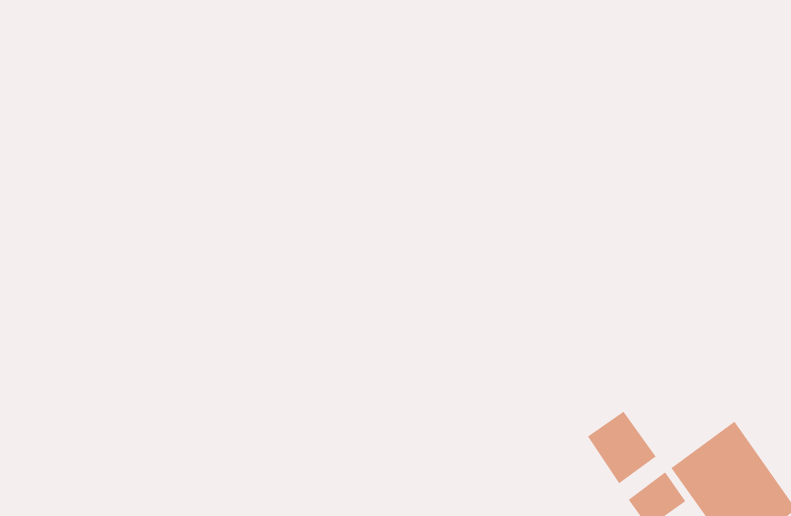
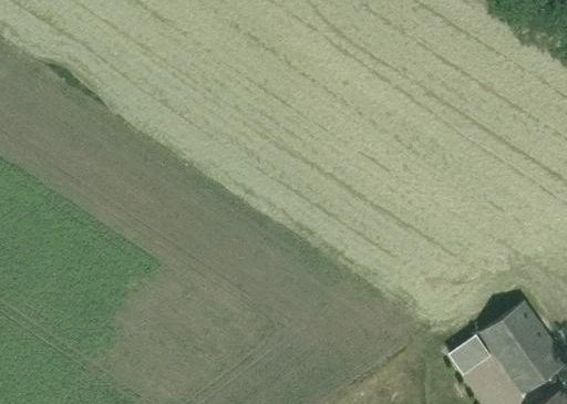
building: [587,411,656,484] -> none

